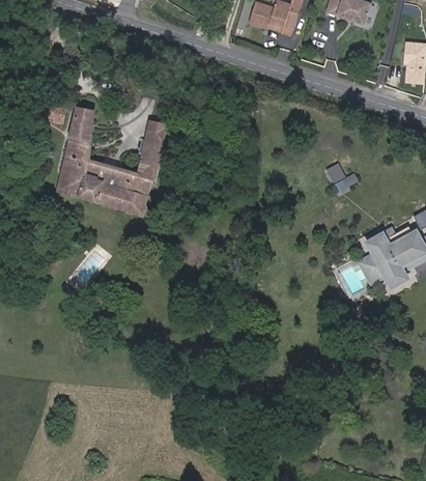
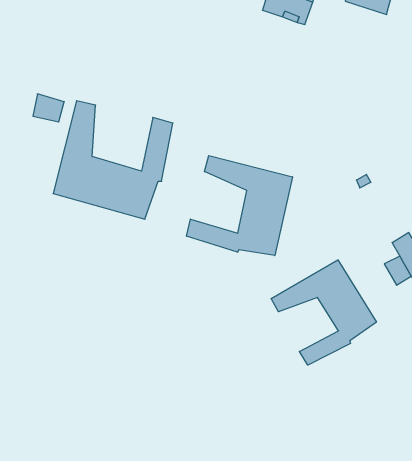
building: none -> [187,156,292,256]
building: none -> [271,260,376,365]

